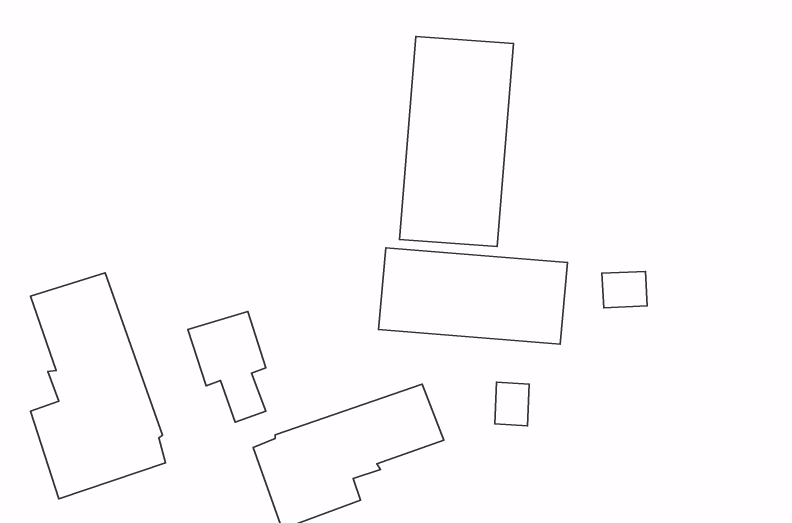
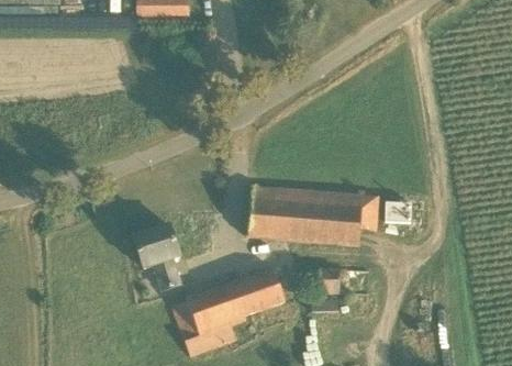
building: [400,36,514,247] -> none
building: [30,273,166,499] -> none

